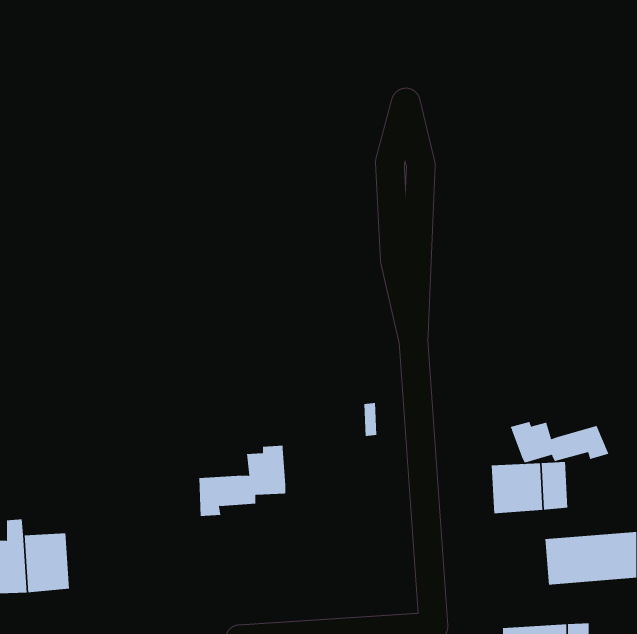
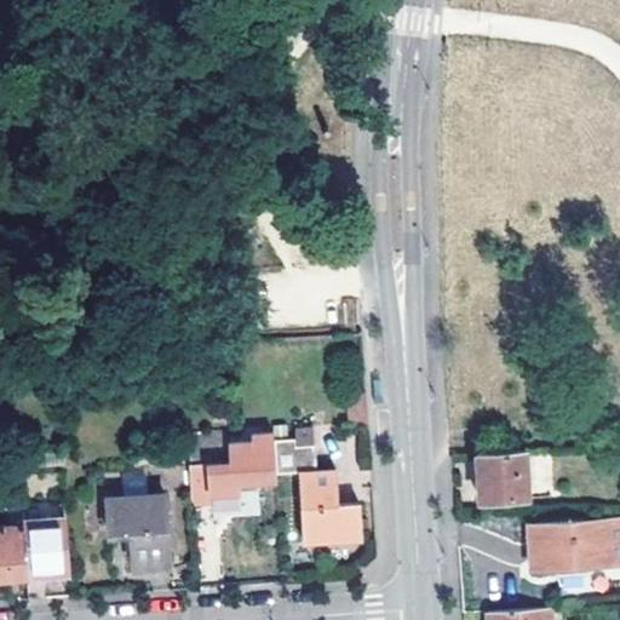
building: [510,421,609,464] -> none
building: none -> [275,430,360,545]
building: none -> [108,498,168,569]

